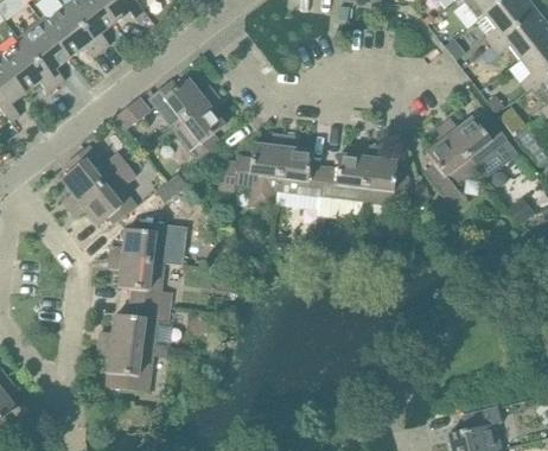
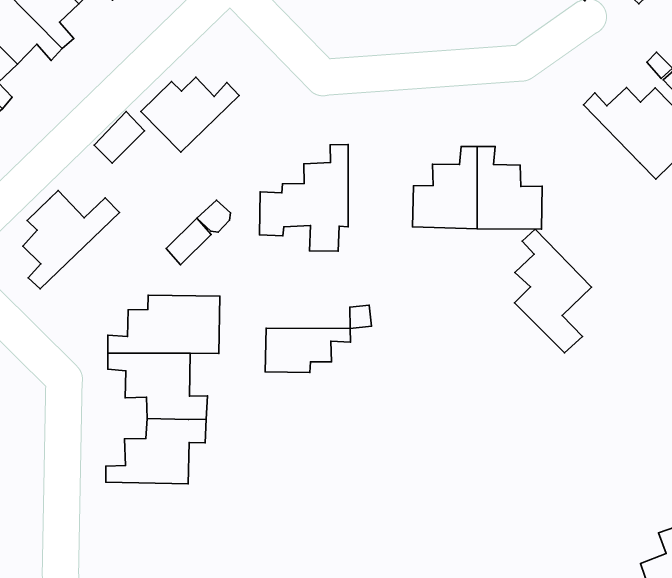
building: [172,94,224,158] -> none
building: [423,125,476,209] -> [514,229,591,353]
building: [278,134,324,193] -> none
building: [69,163,136,223] -> none
building: none -> [265,328,351,372]
building: [97,341,153,390] -> none

